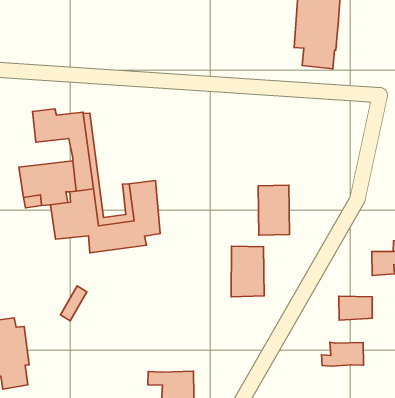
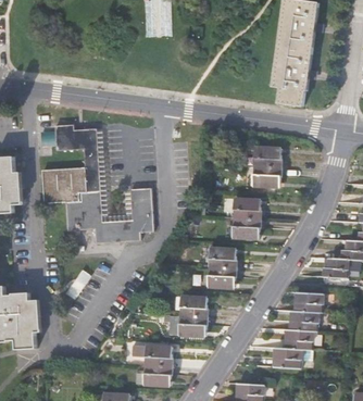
building: none -> [252,145,280,187]
building: none -> [178,295,206,336]
building: none -> [289,310,317,330]
building: none -> [265,347,301,366]

